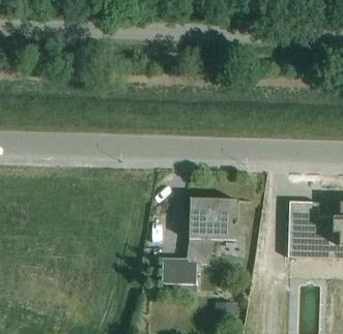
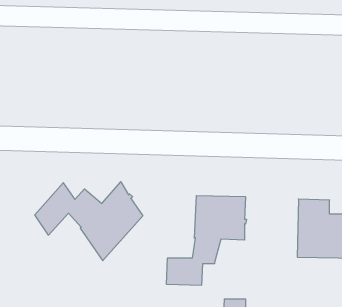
building: none -> [35,182,143,261]

